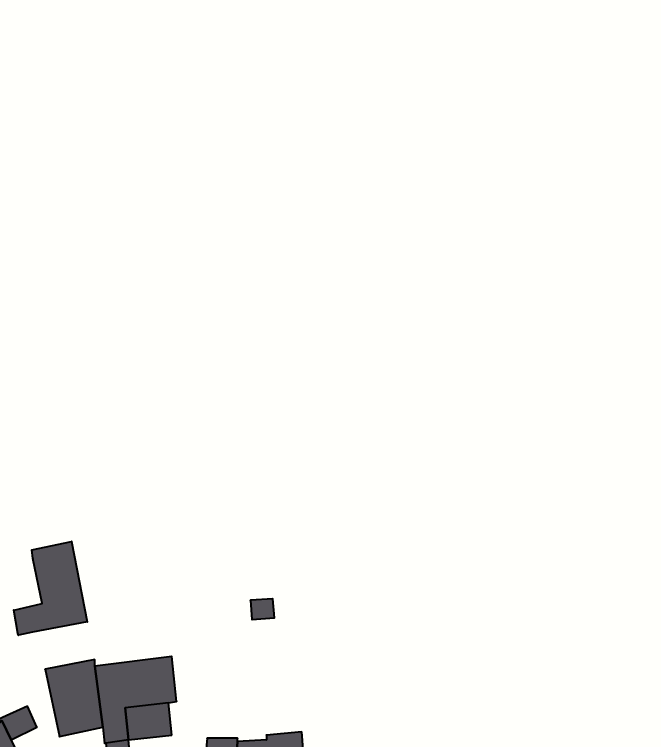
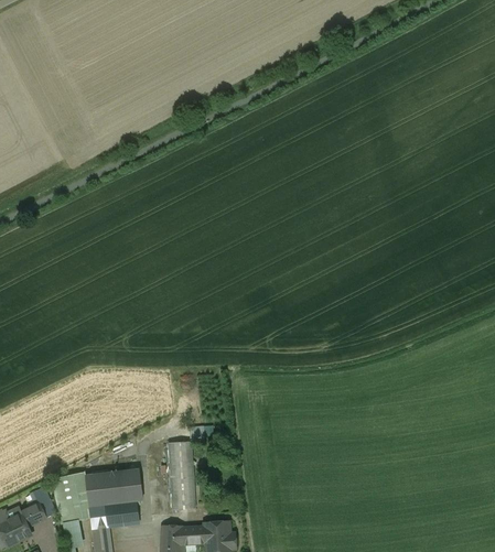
building: [14,541,87,635] -> none
building: none -> [170,442,195,510]

